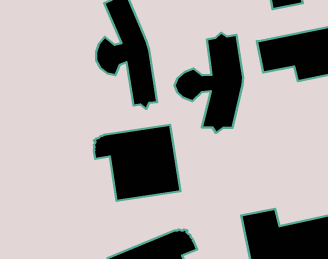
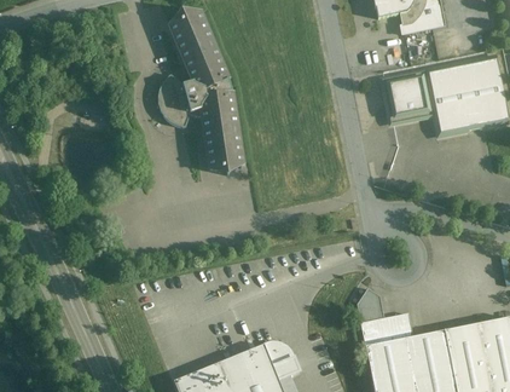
building: [174,33,243,133] -> none
building: [94,125,181,201] -> none

